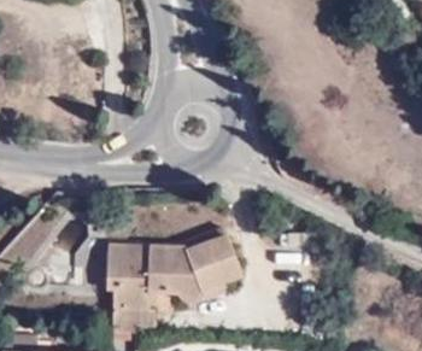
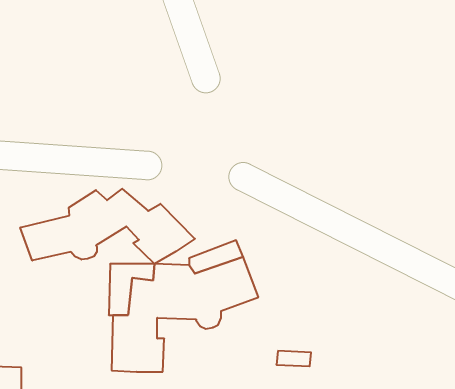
building: none -> [20,189,195,264]

